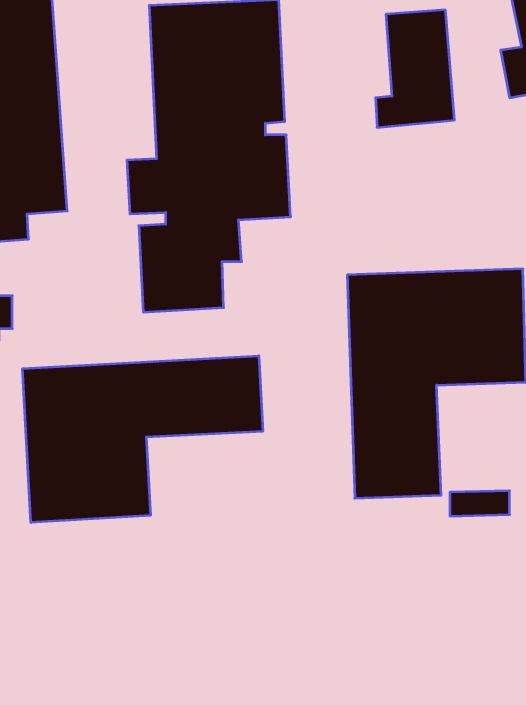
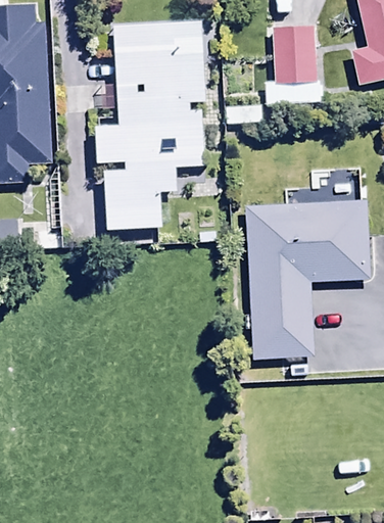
building: [23,356,263,523] -> none

